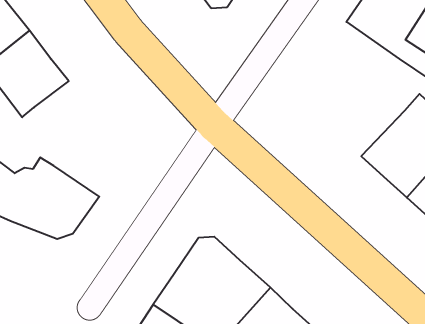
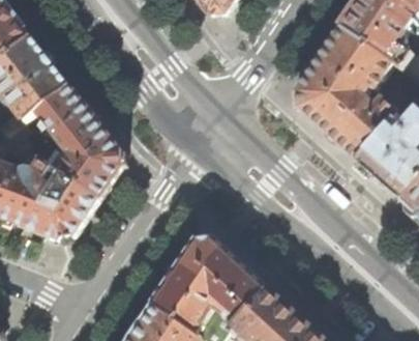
building: none -> [296,27,397,159]
building: none -> [34,85,124,198]

